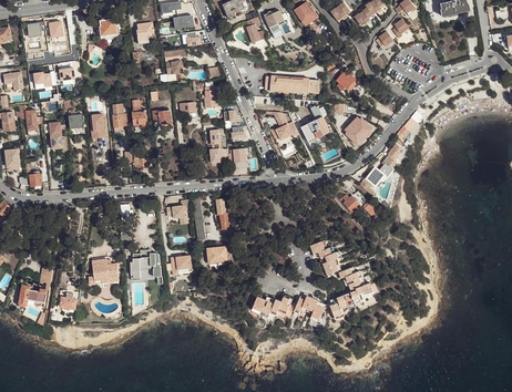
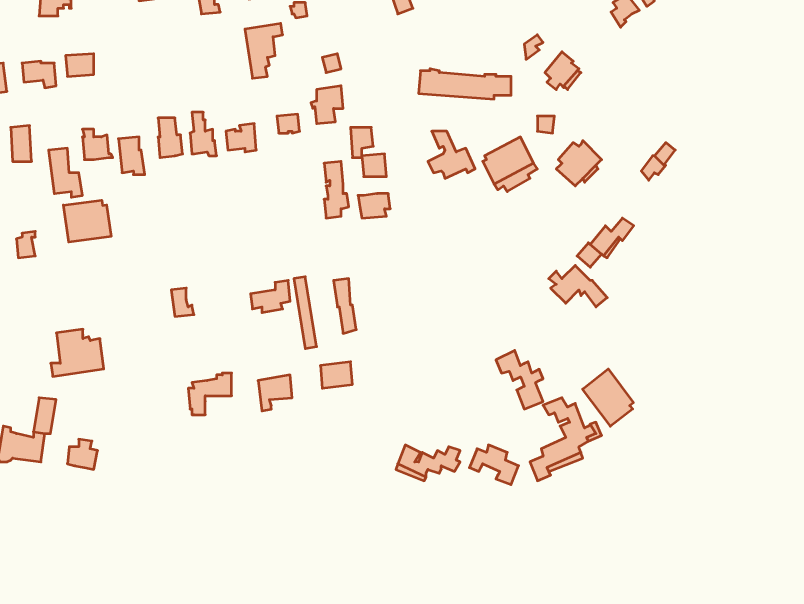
building: none -> [63,200,111,242]
building: none -> [583,369,633,426]
building: [88,257,119,285] -> [51,329,104,376]

